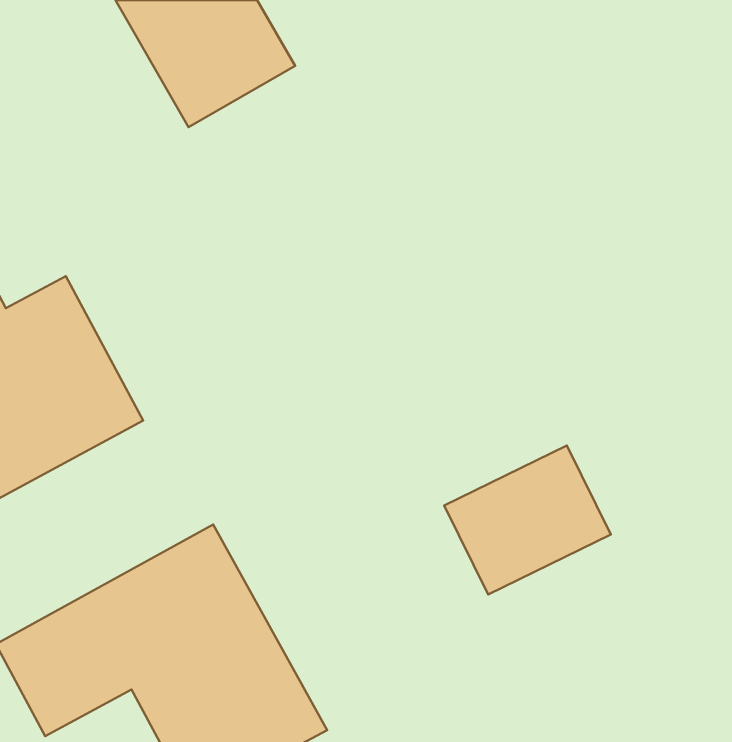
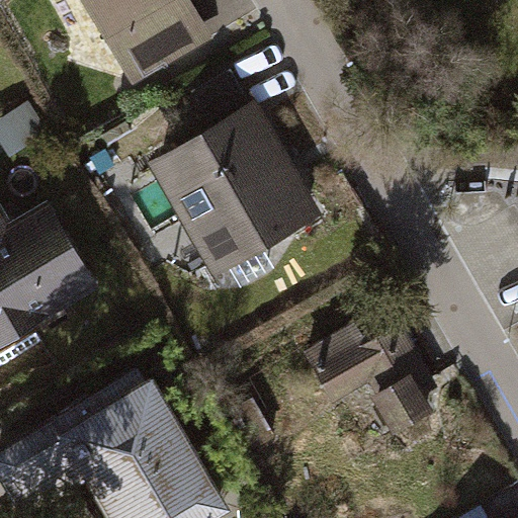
building: none -> [149,108,308,269]

